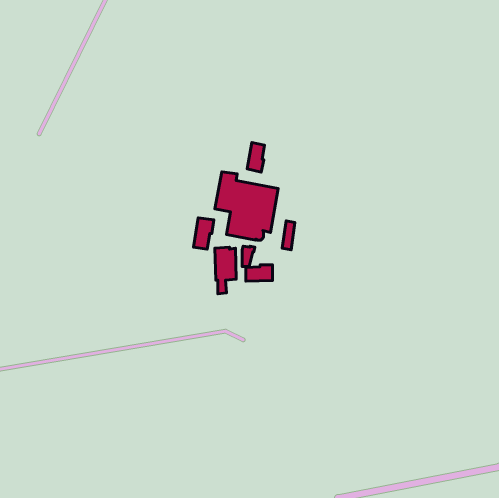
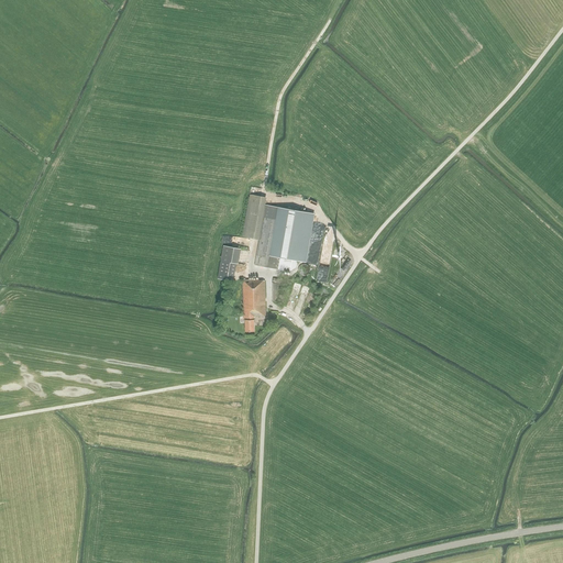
building: [247,142,264,172] -> none
building: [246,265,273,281] -> none

